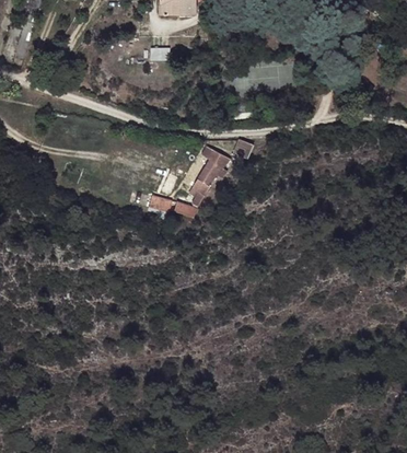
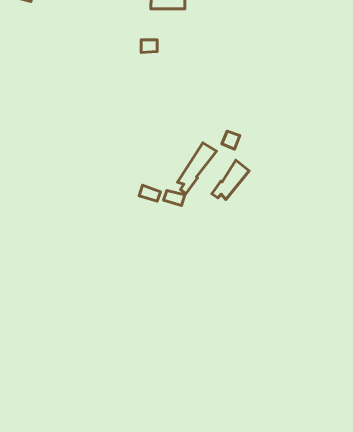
building: none -> [212,160,249,200]

